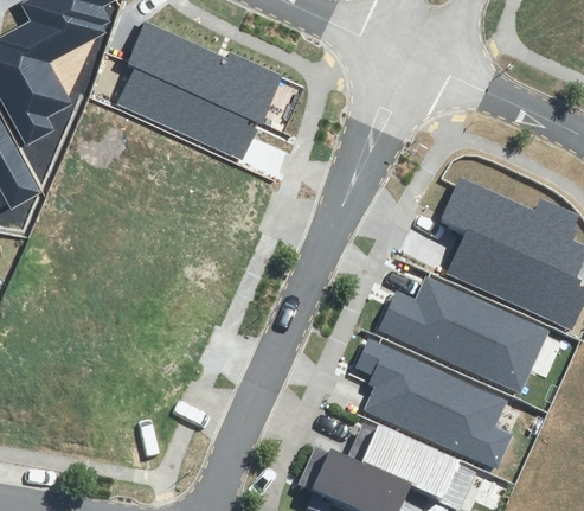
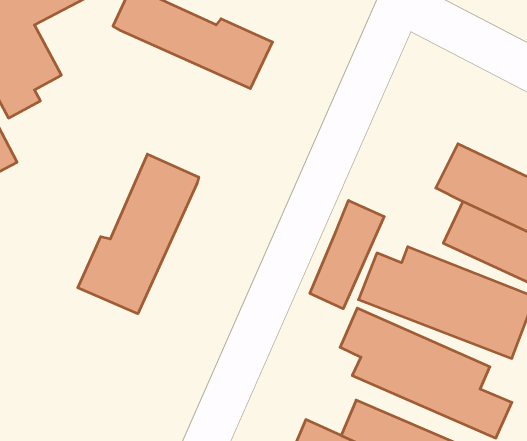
building: [117,66,262,165] -> none
building: none -> [78,154,199,314]
building: none -> [310,200,384,309]

